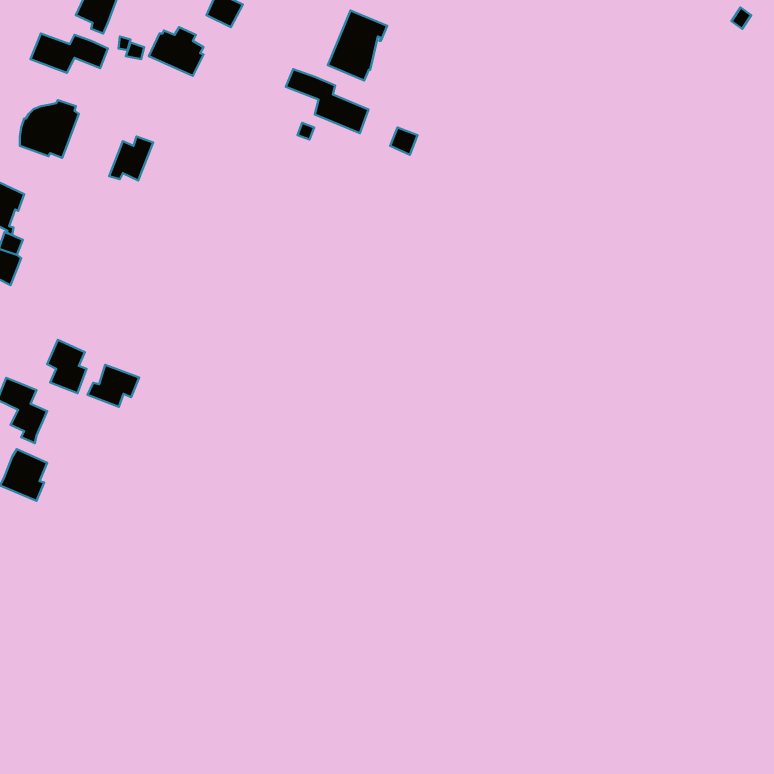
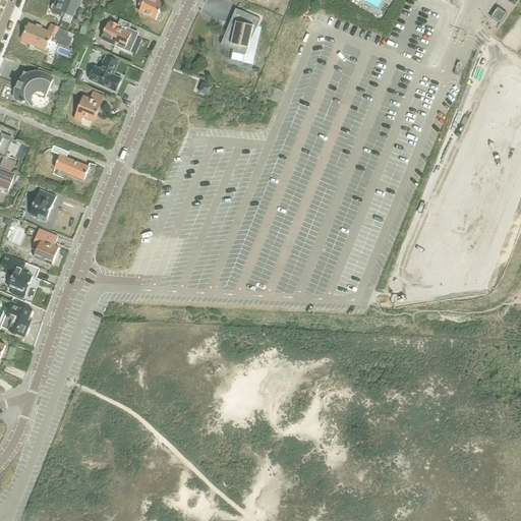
building: [286,69,368,133] -> none
building: none -> [89,54,121,90]
building: none -> [51,144,89,179]
building: none -> [28,190,55,222]
building: [88,365,139,407] -> none

